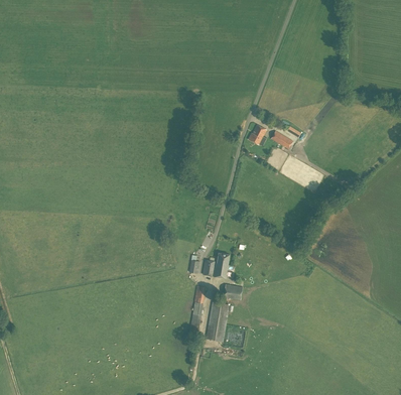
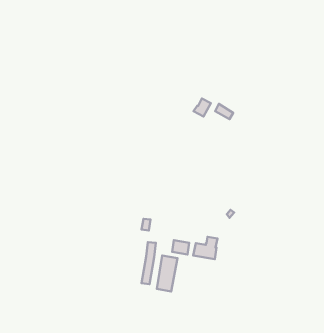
building: [202,252,229,277] -> [193,237,217,259]

